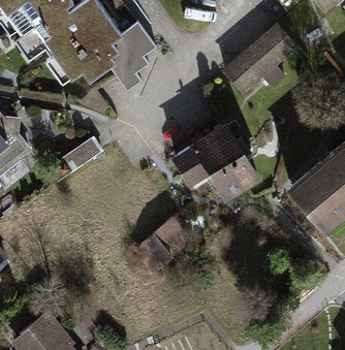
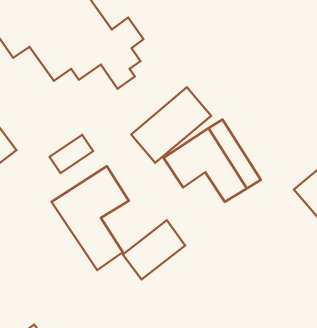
building: [224,24,300,95] -> [131,87,211,163]
building: none -> [52,166,129,270]

